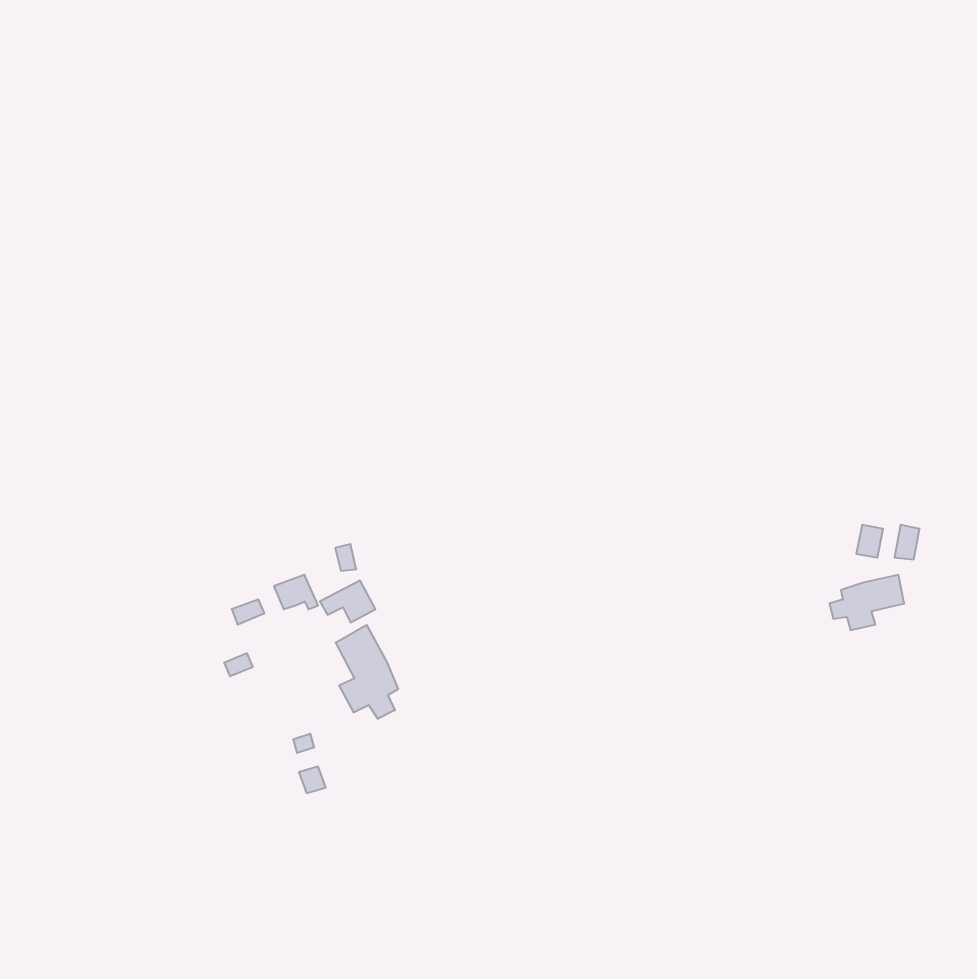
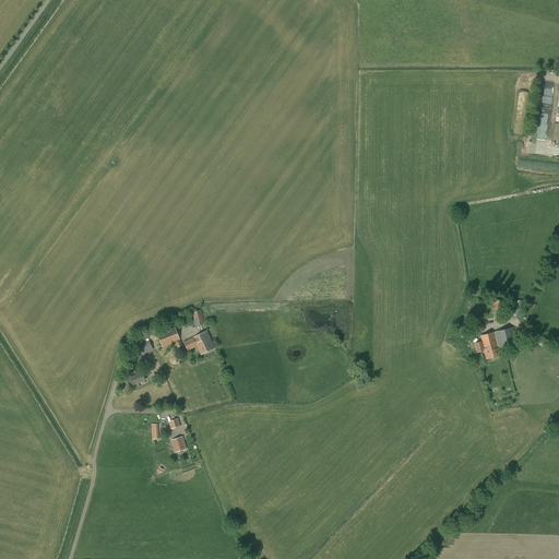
building: [336,625,398,719] -> none

